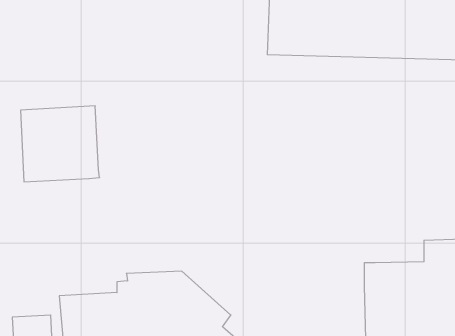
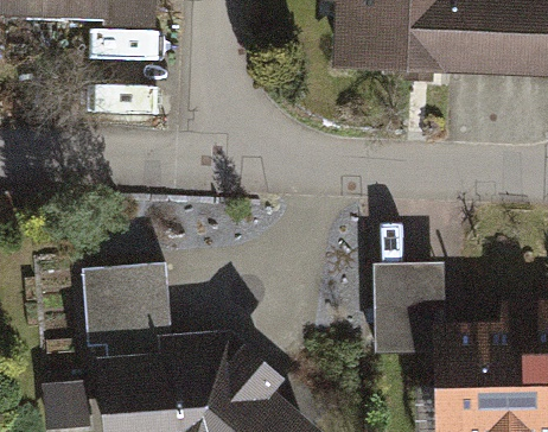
building: [21,106,100,182] -> [85,262,173,347]
building: none -> [374,255,448,349]

